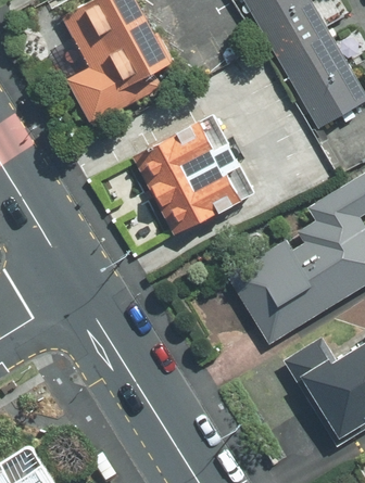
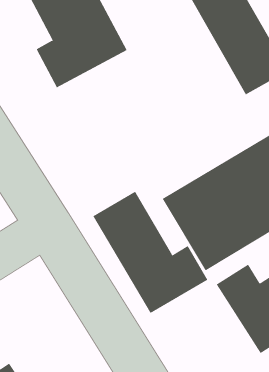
building: [131,111,260,232] -> none
building: none -> [93,191,208,314]

